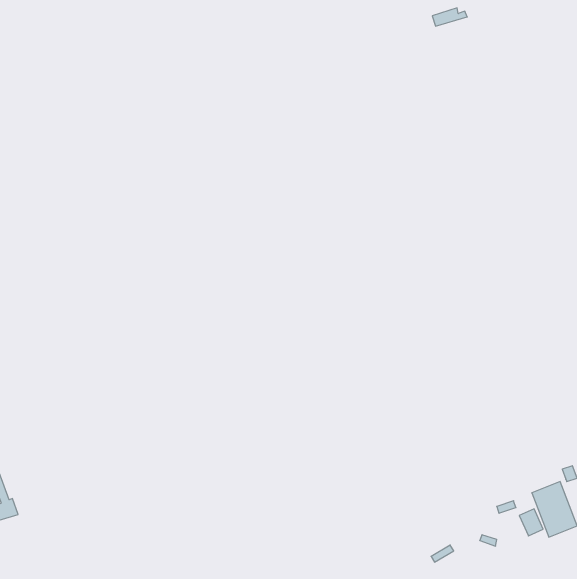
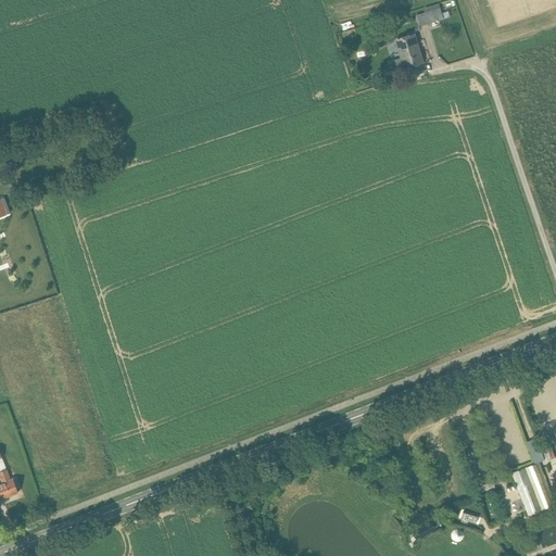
building: none -> [394,33,422,68]

